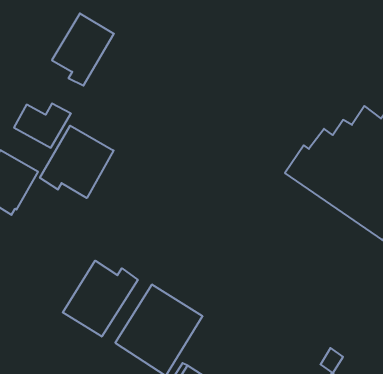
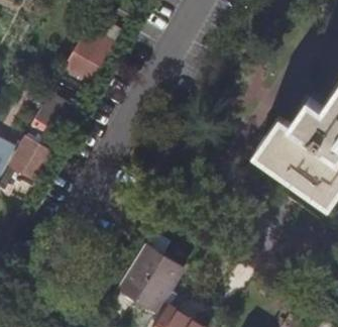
building: [40,126,114,198] -> none
building: [63,261,138,337] -> none

